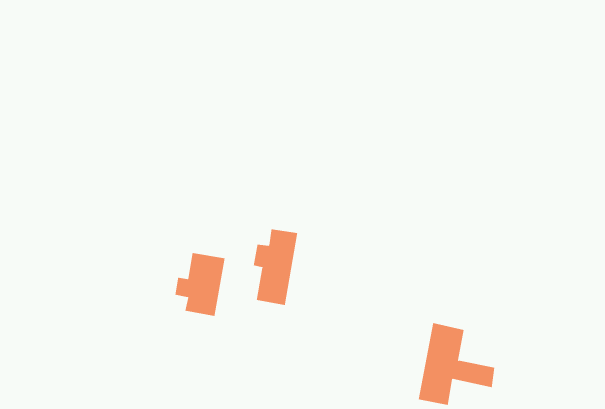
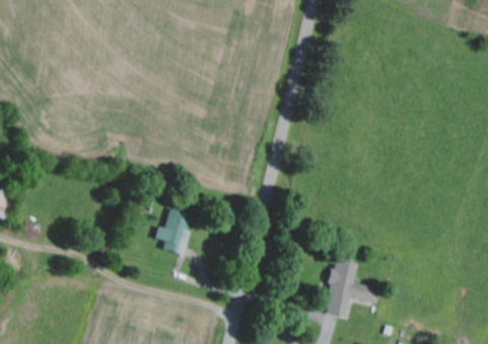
building: [253,228,298,306] -> none

